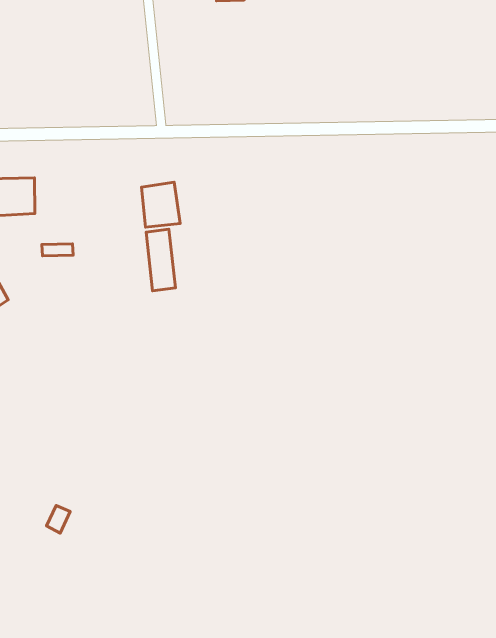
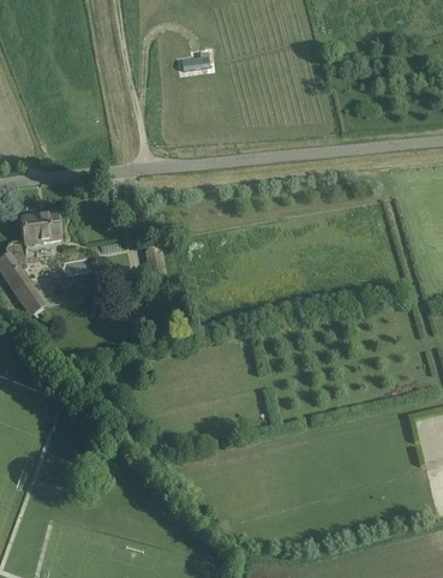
building: [141,182,180,227] -> none

